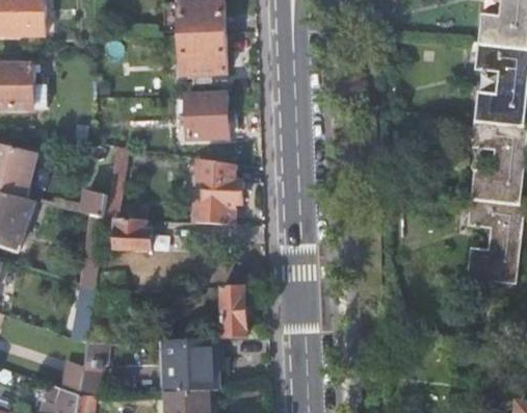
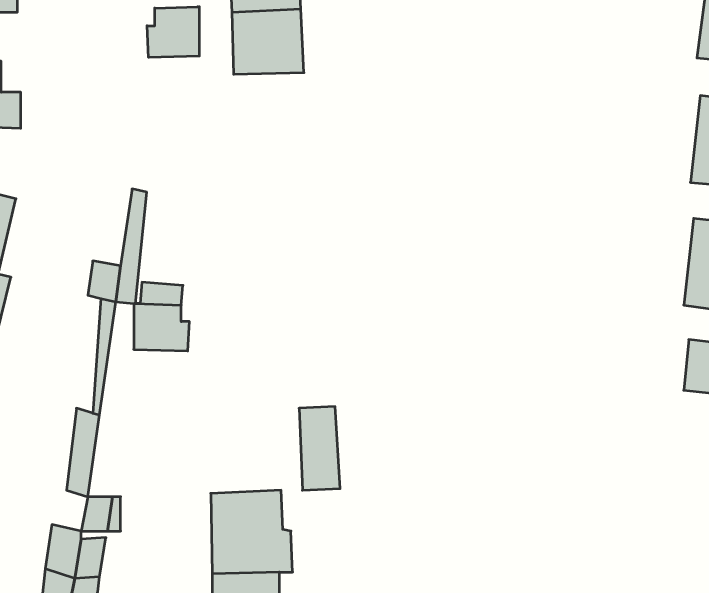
building: none -> [147,7,199,57]
building: [185,94,226,137] -> none
building: [194,160,241,226] -> none

